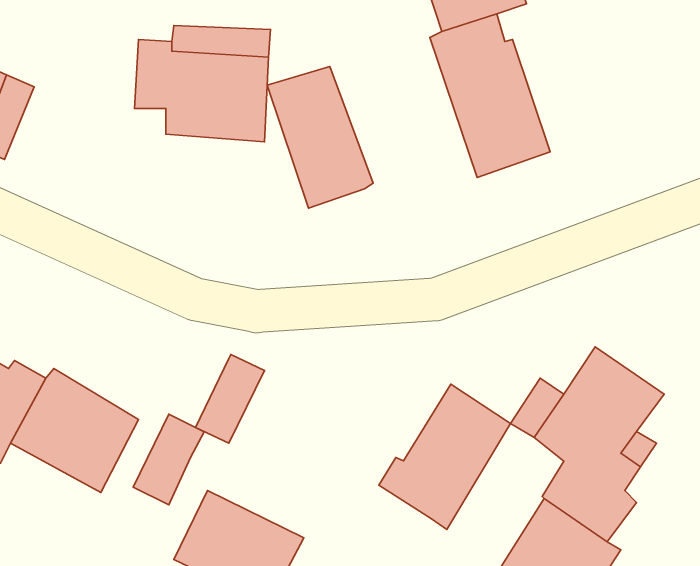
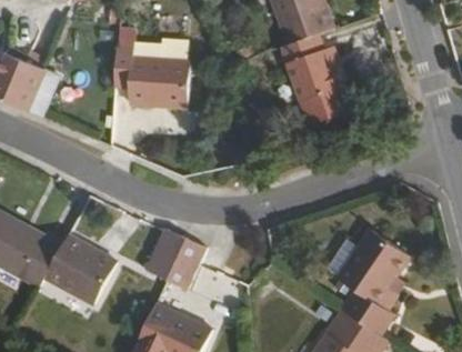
building: [267,66,373,208] -> none
building: [379,384,511,530] -> none
building: [133,414,204,505] -> [167,237,207,288]

